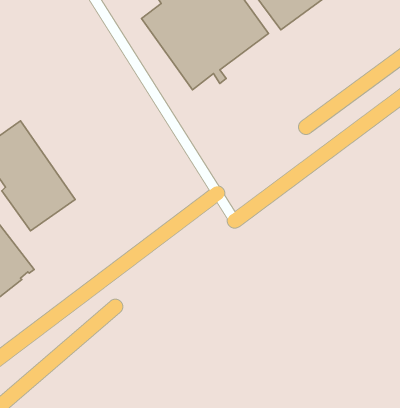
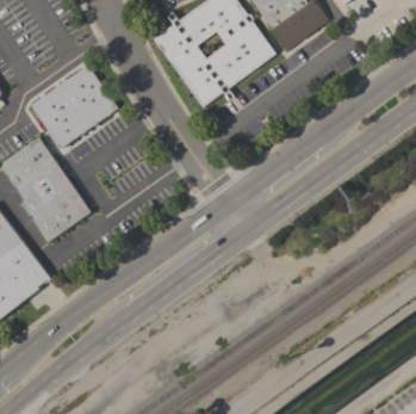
building: none -> [30,64,118,149]

